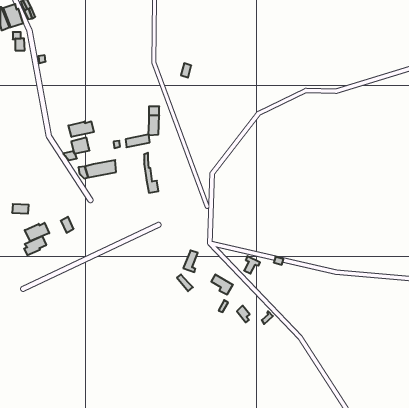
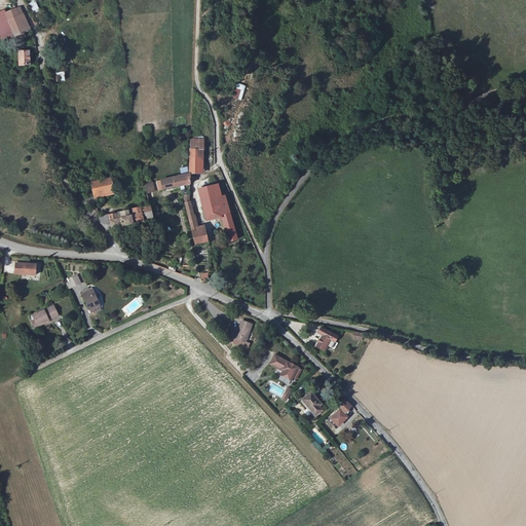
building: [68,121,94,137] -> none
building: none -> [196,189,232,247]
building: [25,223,49,241] -> none

